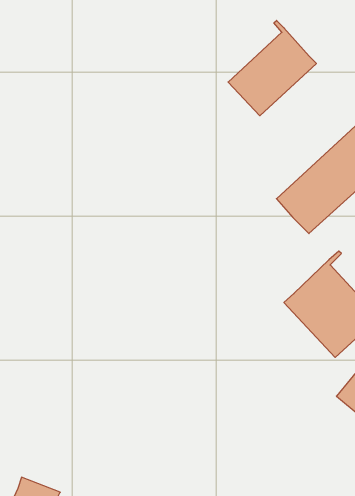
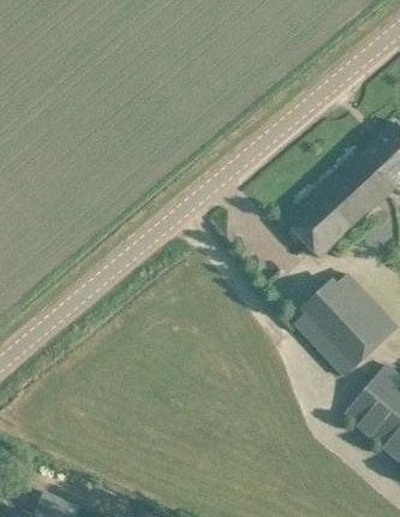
building: [228,20,316,116] -> none

